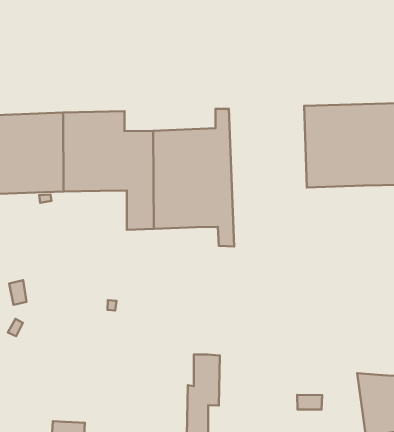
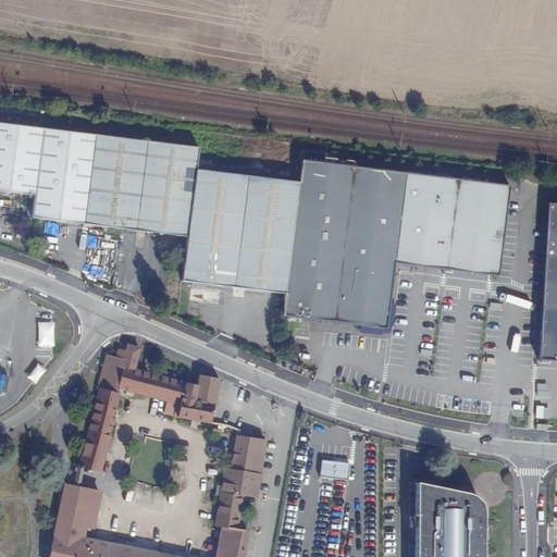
building: none -> [300,162,404,327]
building: none -> [79,346,220,471]
building: [297,395,322,410] -> [322,459,352,480]

